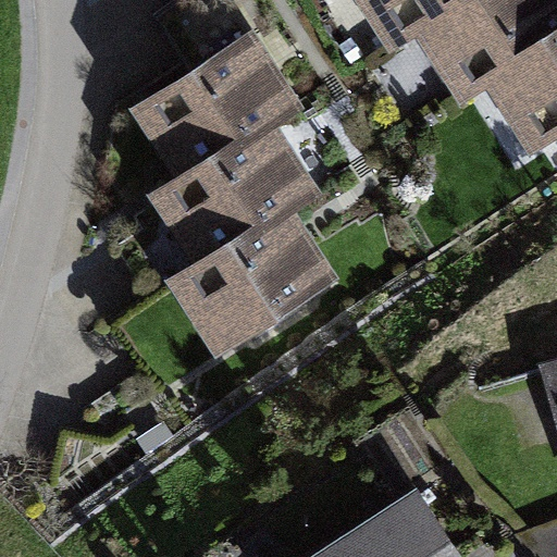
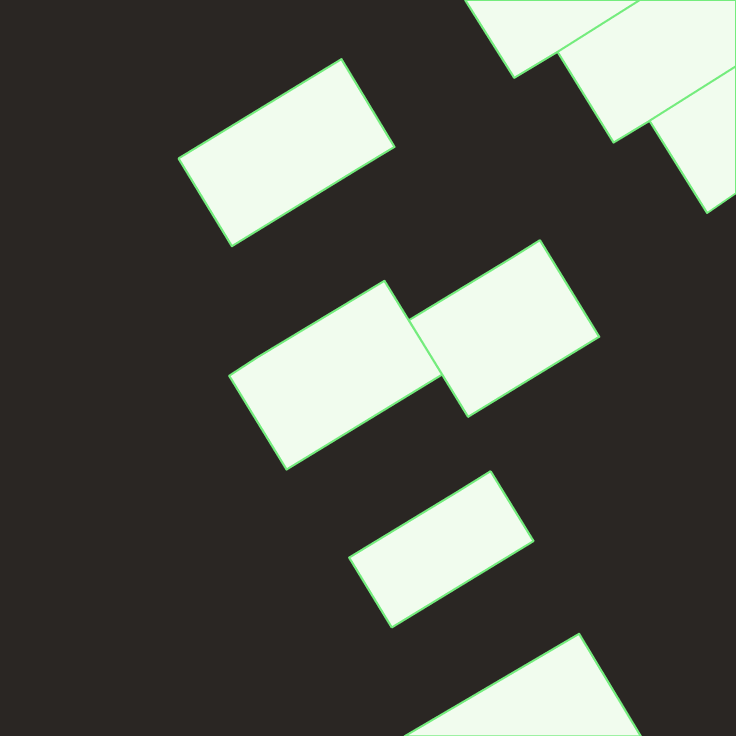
building: [152,127,314,270] -> none
building: none -> [409,240,599,417]
building: none -> [349,471,533,627]

